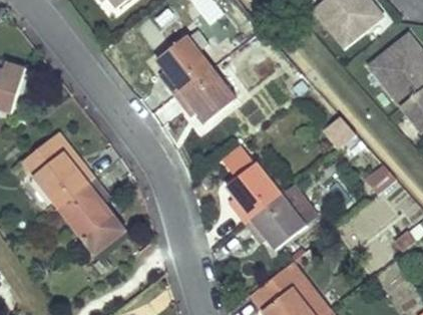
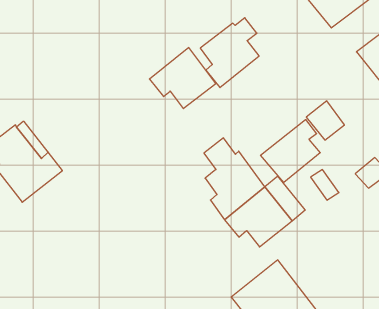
building: [156,30,210,94] -> [200,18,259,88]
building: none -> [261,120,320,182]
building: [57,179,124,255] -> none

